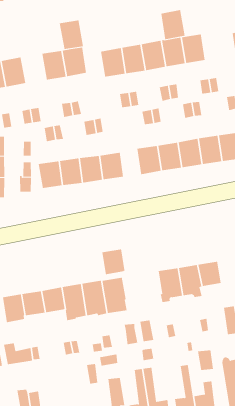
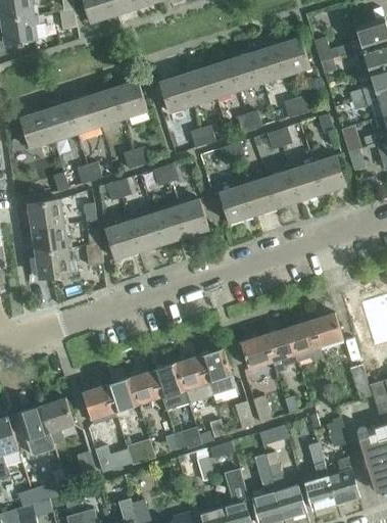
building: [160,9,186,40] -> [277,38,310,77]
building: [59,20,84,50] -> [66,96,100,134]
building: [102,249,126,275] -> [241,335,273,369]

